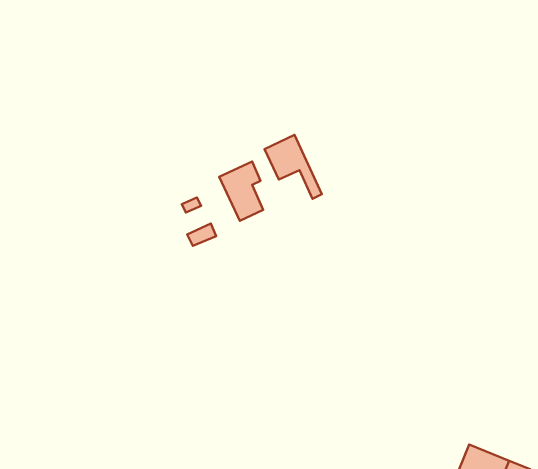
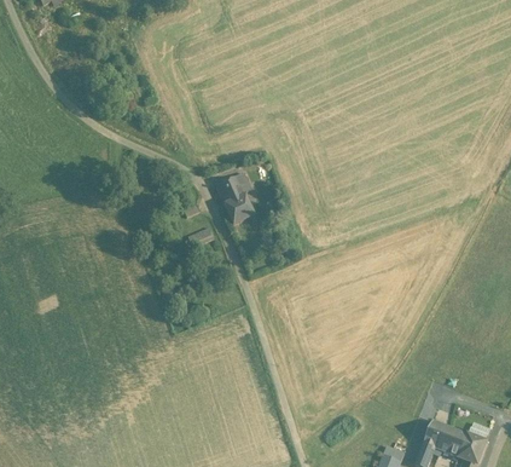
building: [264,135,322,199] -> none

